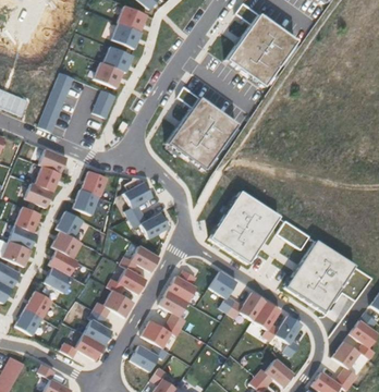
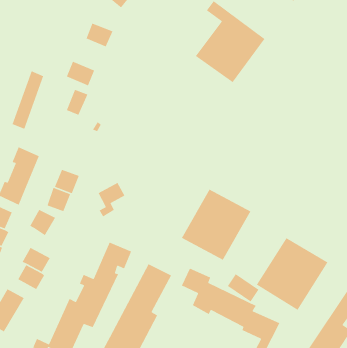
building: [119,7,147,32] -> none
building: [102,47,133,73] -> none
building: [162,85,233,168] -> none
building: [131,212,169,237] -> none
building: [277,220,309,249] -> [227,273,259,302]
building: [52,231,82,258] -> none

